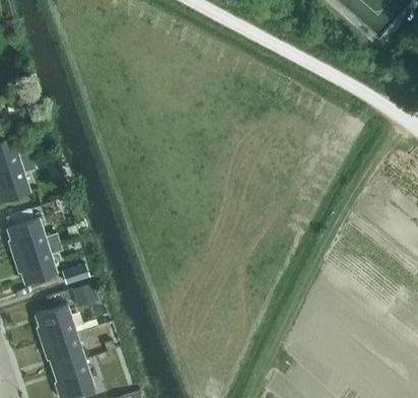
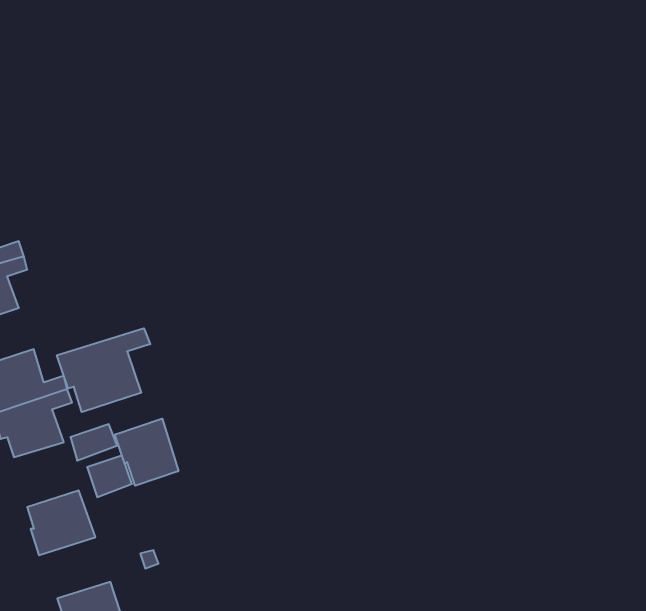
building: none -> [57,328,150,412]
building: none -> [115,419,178,486]
building: [42,333,85,371] -> none

